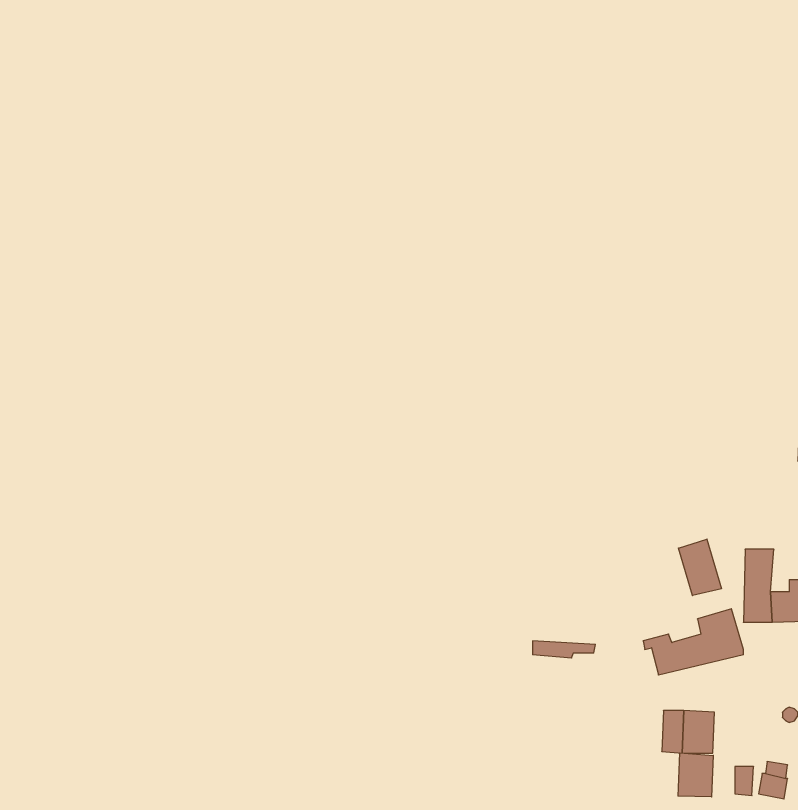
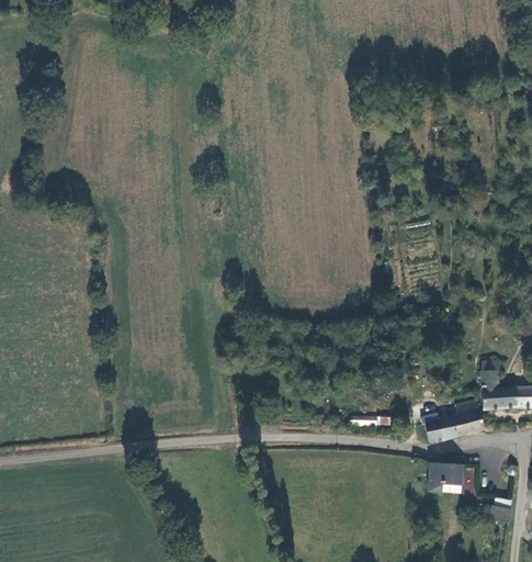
building: [678,539,721,596] -> none
building: [678,753,713,797] -> none

